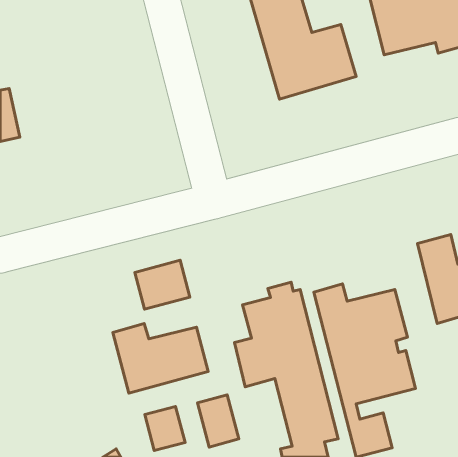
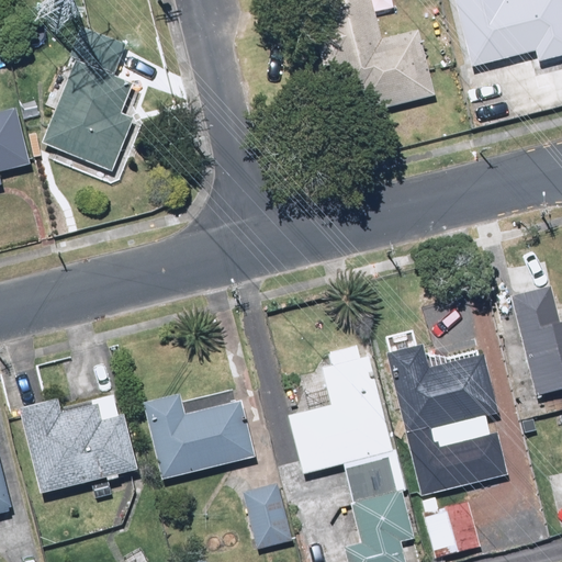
building: none -> [42,63,147,176]
building: [135,260,190,309] -> none
building: none -> [15,392,142,494]
building: [145,406,185,451] -> none

